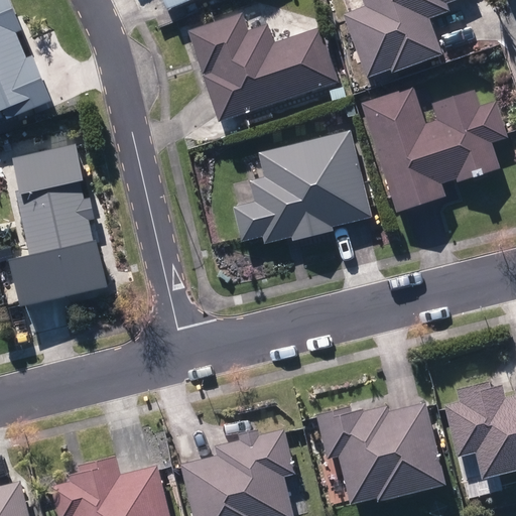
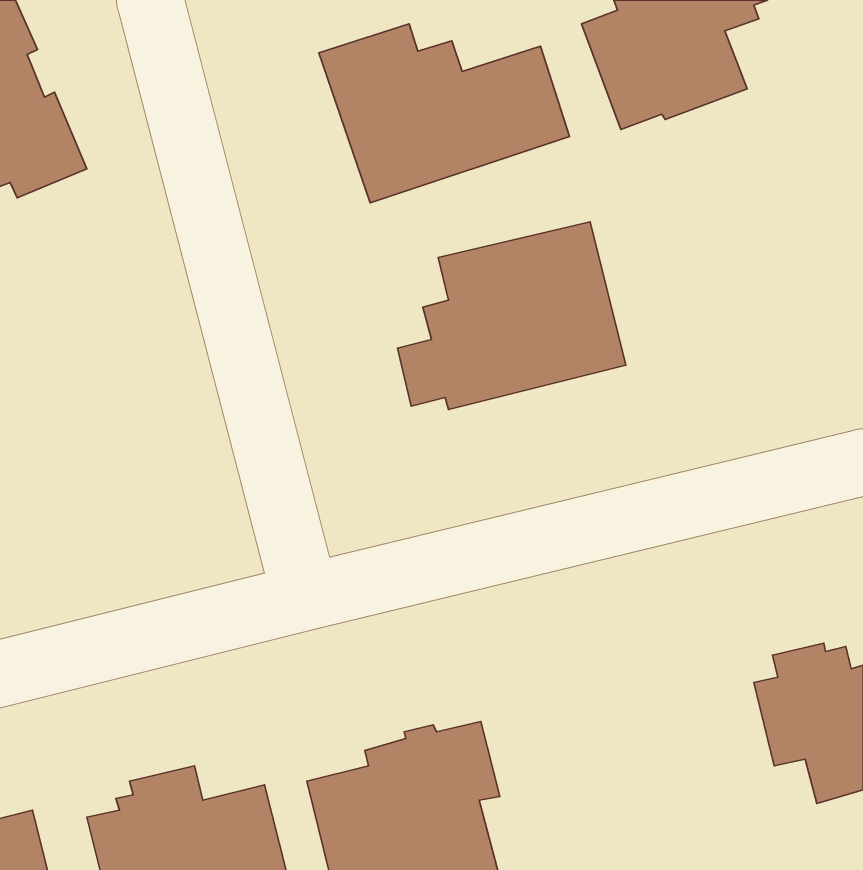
building: [362,88,506,212] -> none
building: [12,144,109,305] -> none
building: [317,401,443,500] -> none

